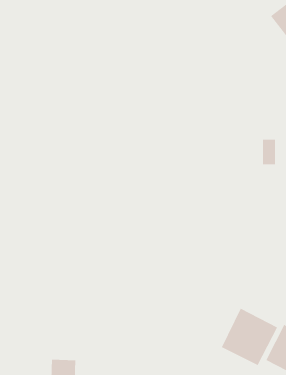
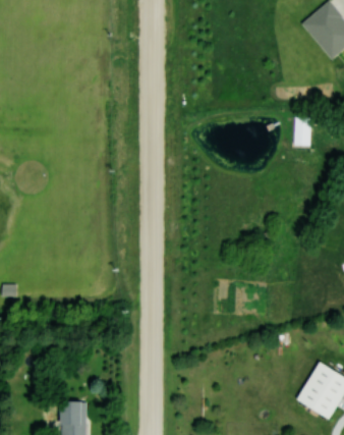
building: [262,139,276,165] -> [295,117,310,146]
building: [221,308,278,366] -> none

